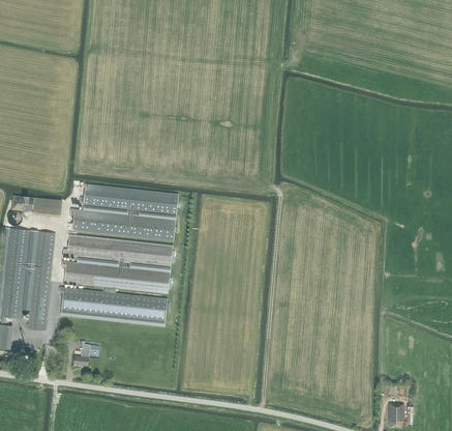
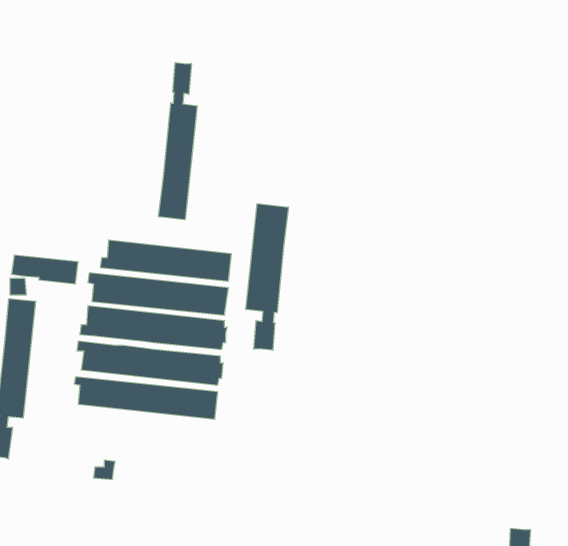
building: none -> [159,63,197,220]
building: none -> [246,204,288,350]
building: [27,231,54,329] -> none

